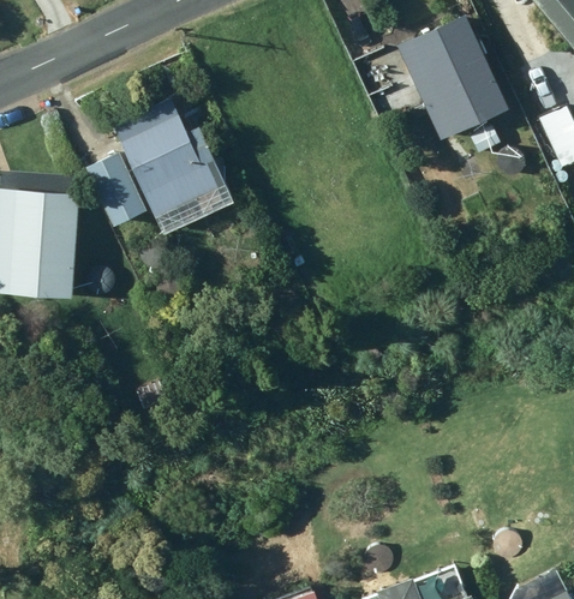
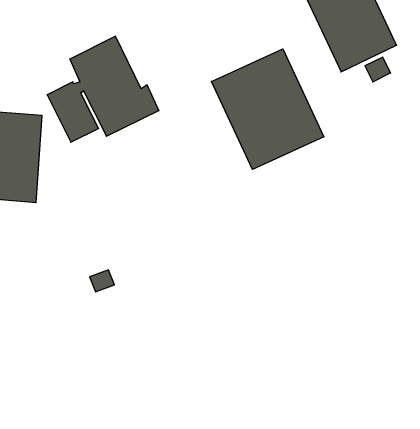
building: none -> [211,49,324,169]

